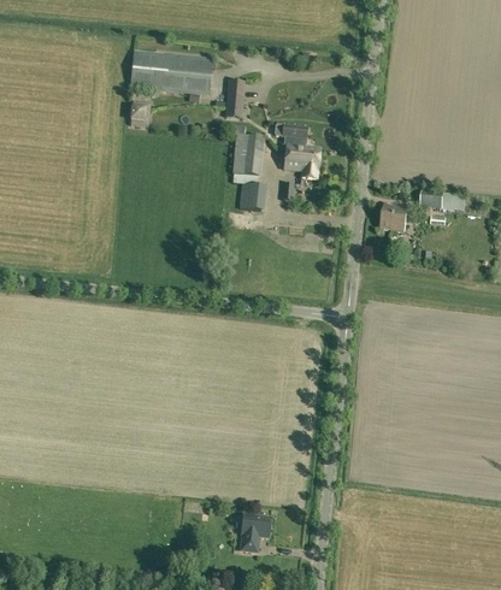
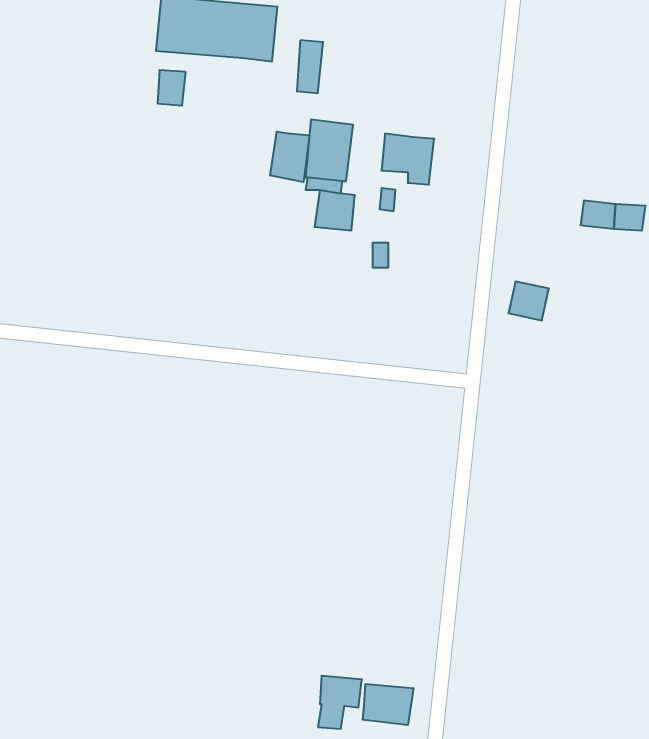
building: [275,124,307,146] -> none
building: none -> [270,131,309,182]
building: [381,205,408,231] -> [508,282,549,320]
building: none -> [363,684,413,725]

